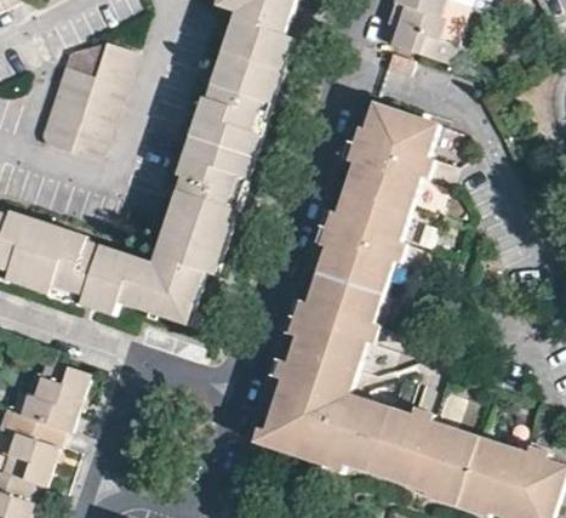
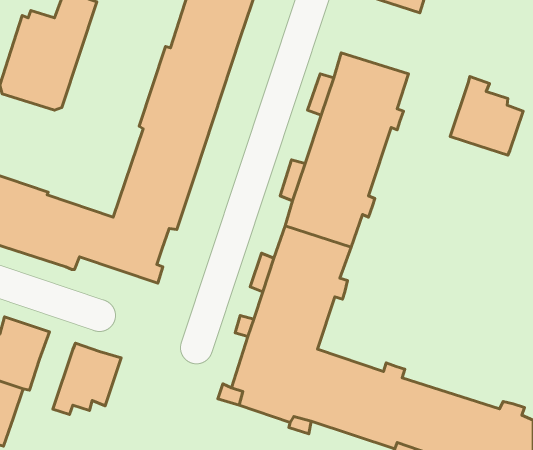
building: none -> [450,76,523,155]
building: none -> [53,343,121,414]

